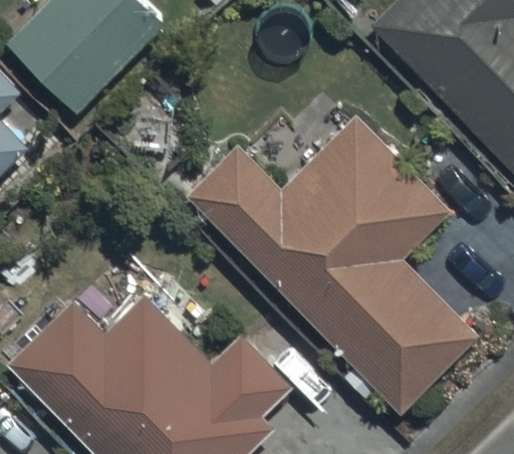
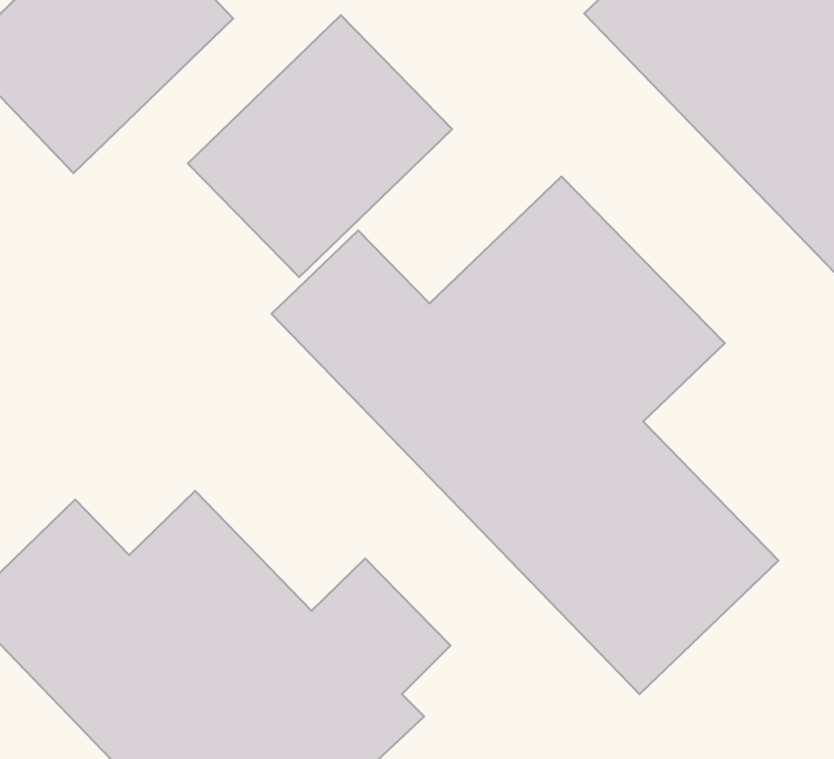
building: none -> [188,15,452,277]

